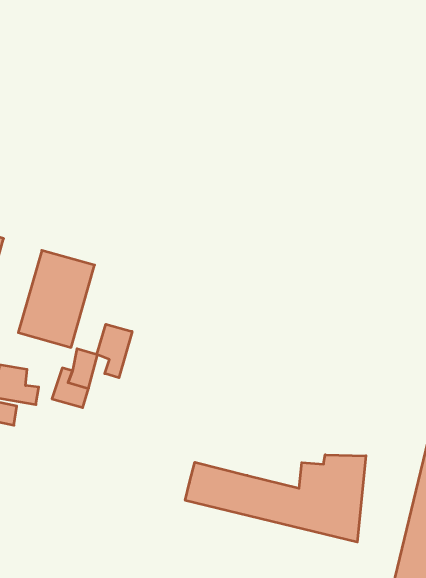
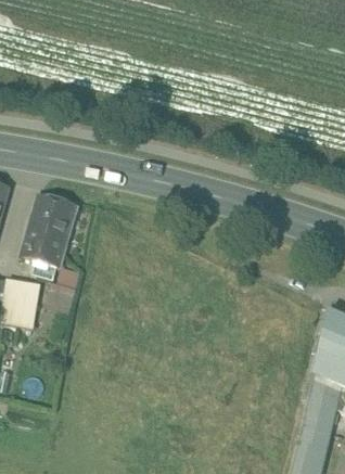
building: [97,324,132,378] -> none
building: [185,455,366,542] -> none

